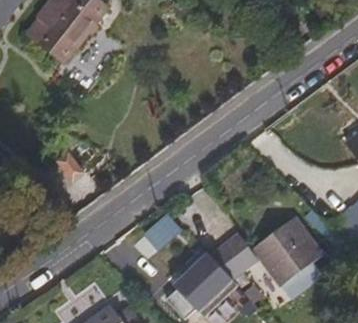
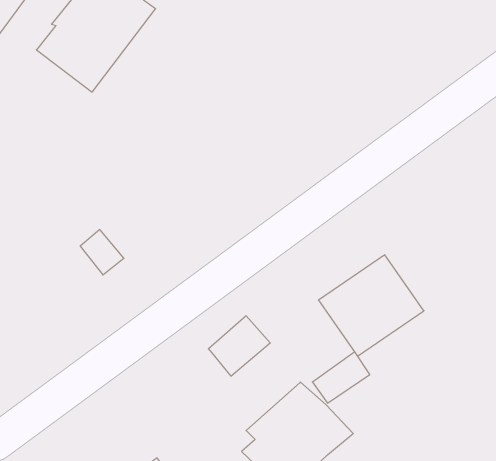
building: [253,216,323,283] -> [318,255,424,356]

